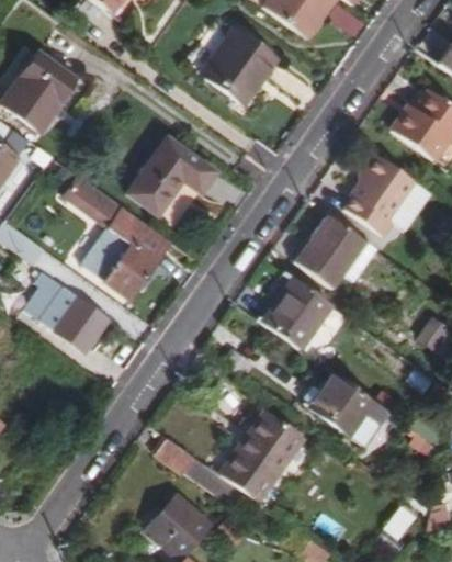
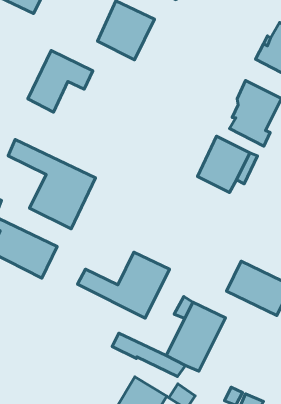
building: [128,138,214,215] -> [28,50,93,112]
building: [263,271,332,349] -> none
building: none -> [77,252,170,318]

